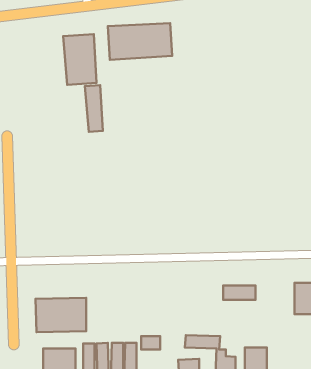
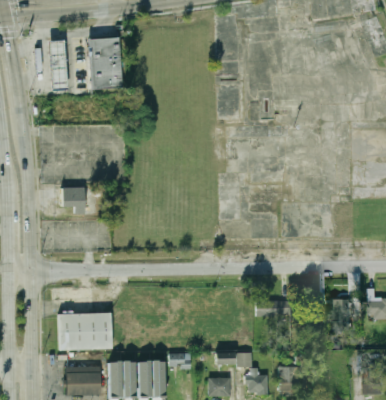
building: [108,23,172,60] -> none
building: [85,85,103,132] -> [47,41,66,90]
building: none -> [61,187,90,212]

